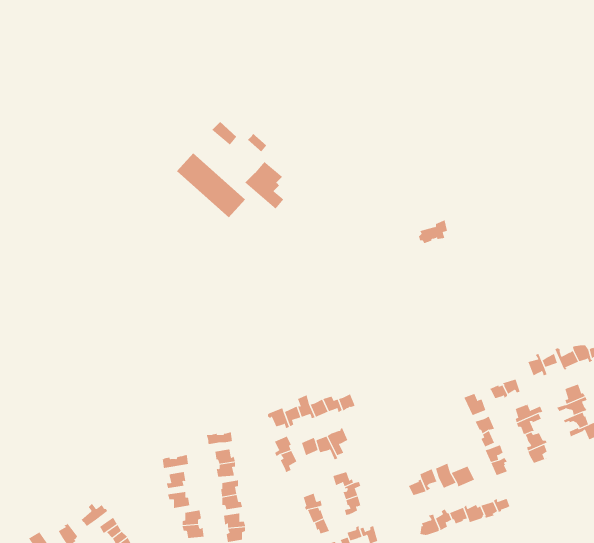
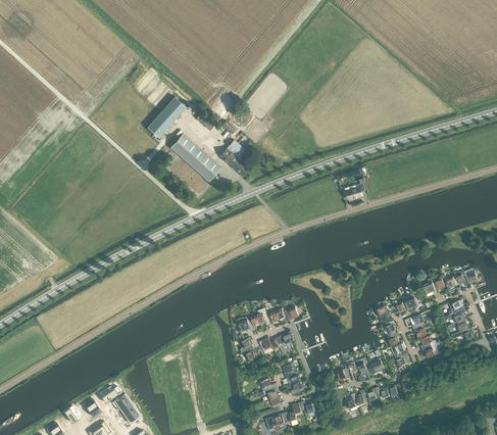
building: none -> [146,96,186,137]

